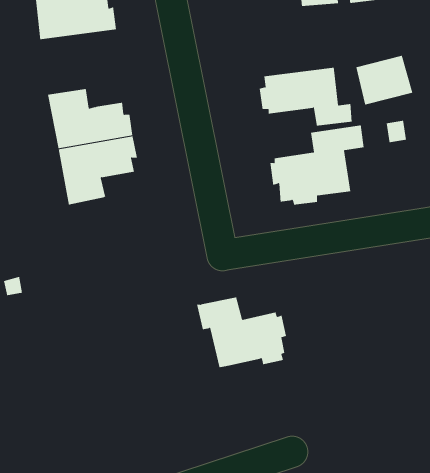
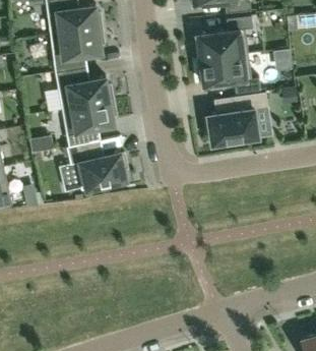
building: none -> [194,16,253,61]
building: none -> [50,30,104,73]
building: [196,297,287,368] -> [66,142,127,190]

